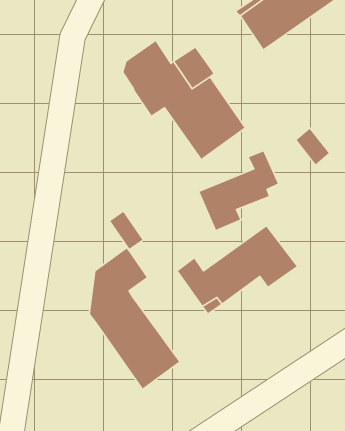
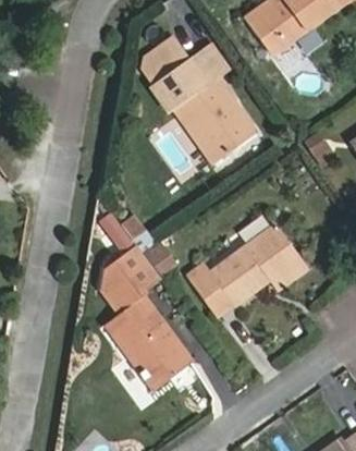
building: [199,151,279,231] -> none

